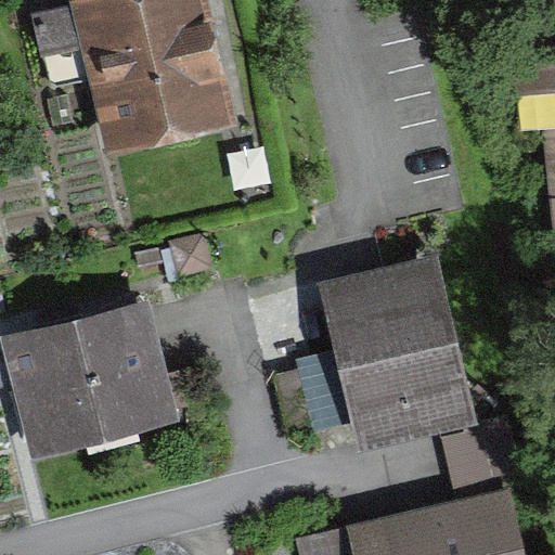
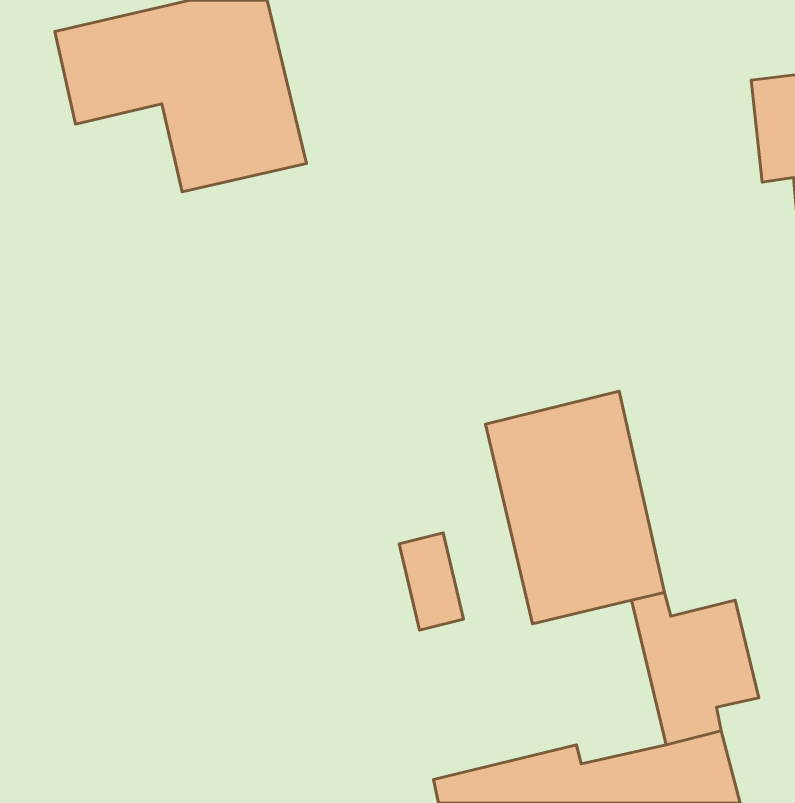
building: [18,309,163,439] -> none

